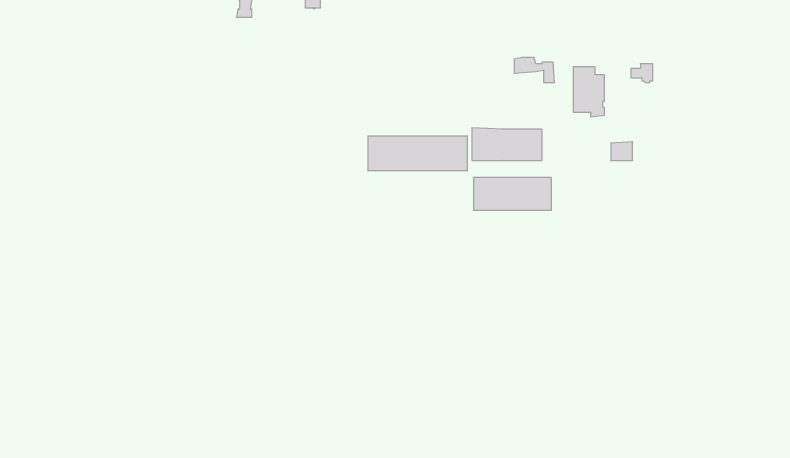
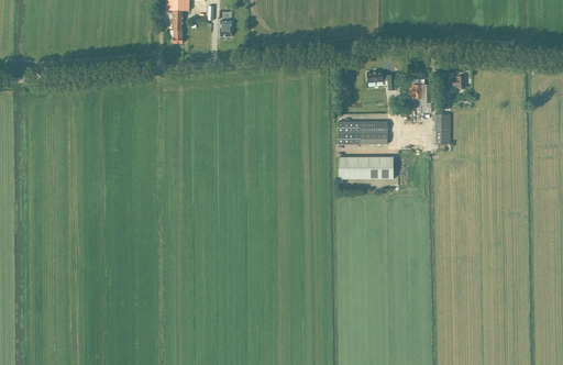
building: [368,136,467,171] -> none

